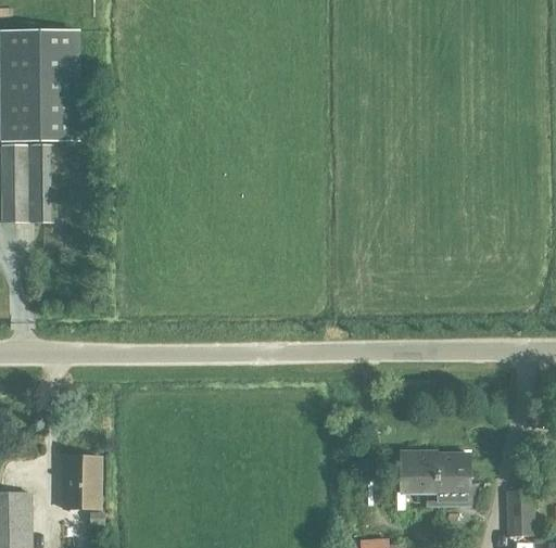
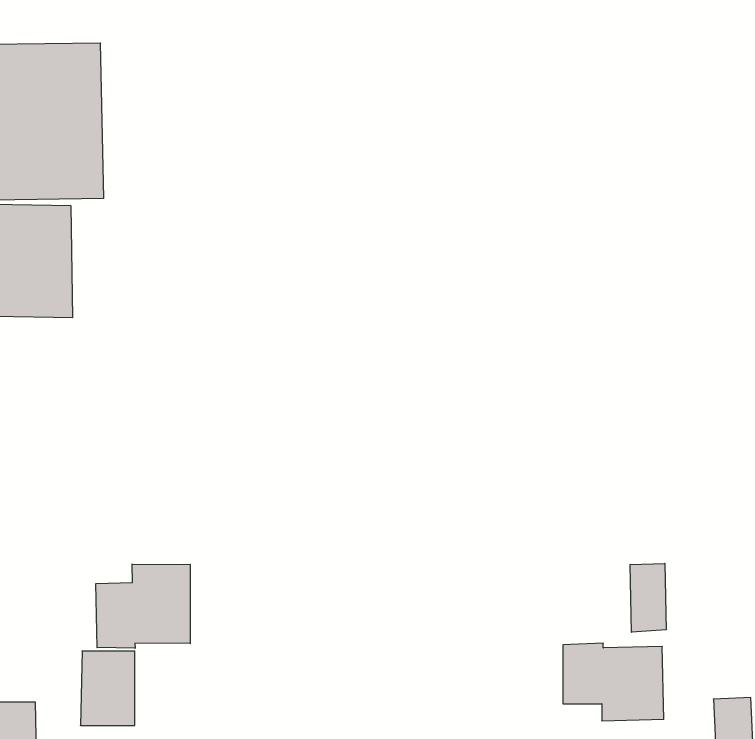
building: none -> [630,563,666,632]
building: none -> [96,564,190,648]

